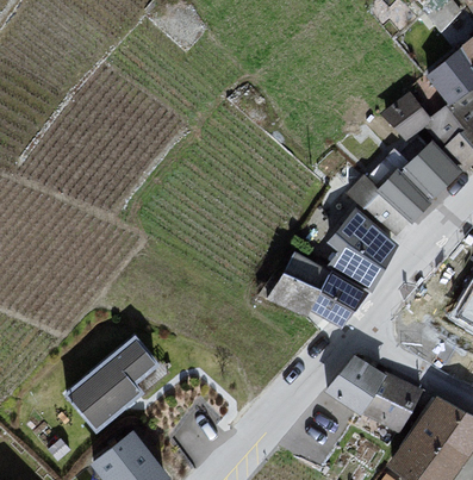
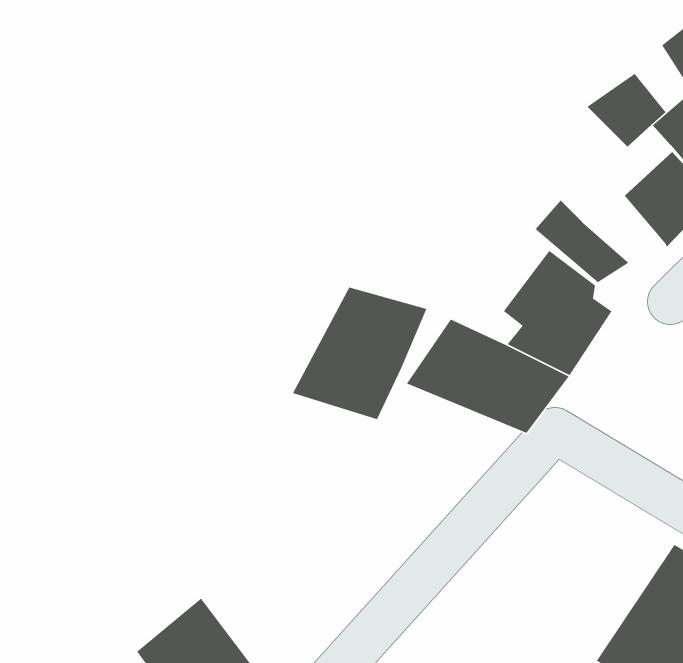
building: [376,168,429,222] -> none
building: none -> [292,287,427,420]
building: [64,337,158,432] -> none
building: [325,355,421,434] -> none

